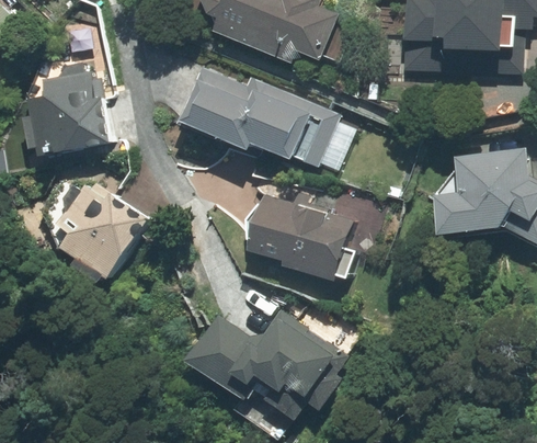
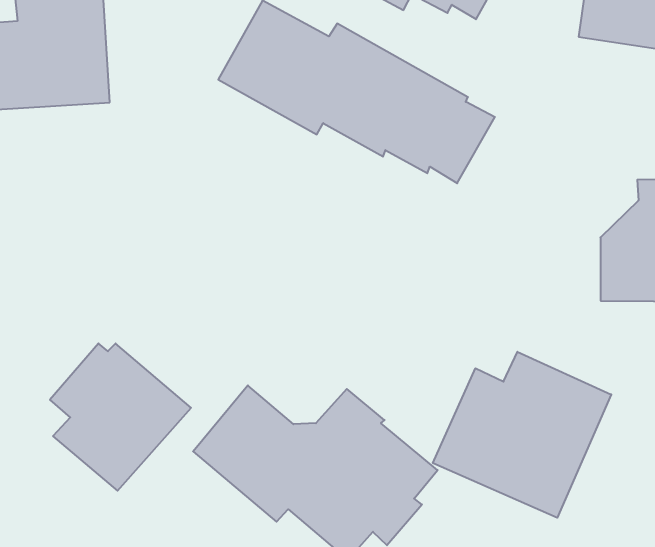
building: [56,182,147,276] -> [50,343,191,491]
building: [244,193,353,281] -> none
building: none -> [433,352,611,518]

